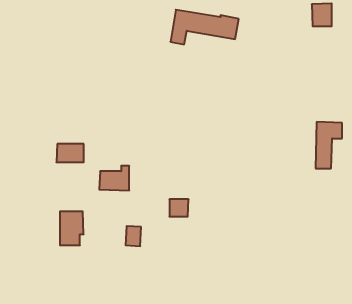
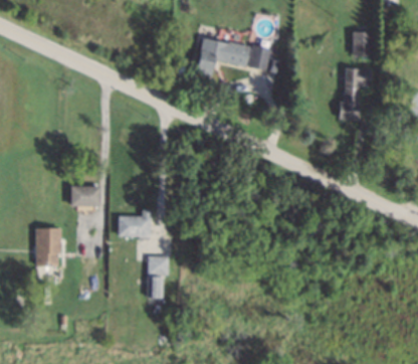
building: [316,122,342,168] -> [342,68,371,120]
building: [169,199,189,217] -> [148,256,169,276]
building: [60,211,84,245] -> [36,229,62,266]

